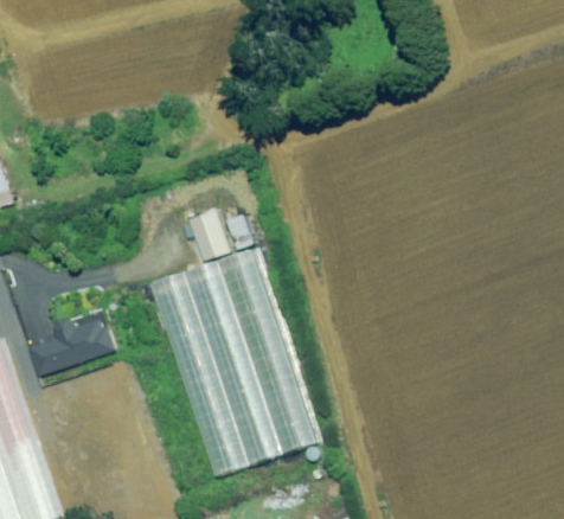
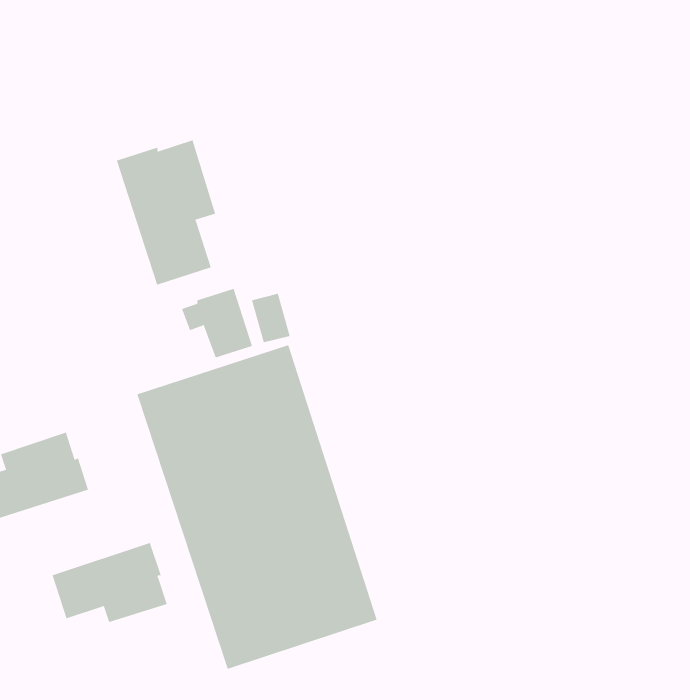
building: none -> [116,139,216,285]
building: none -> [52,542,168,623]

